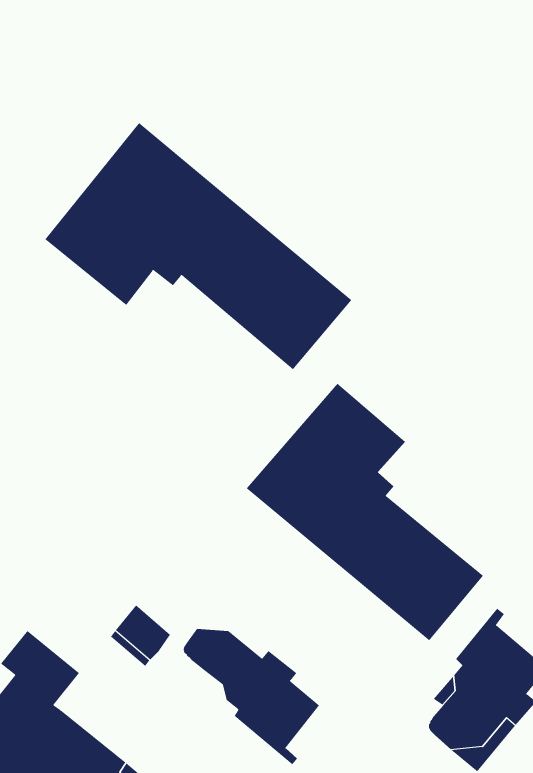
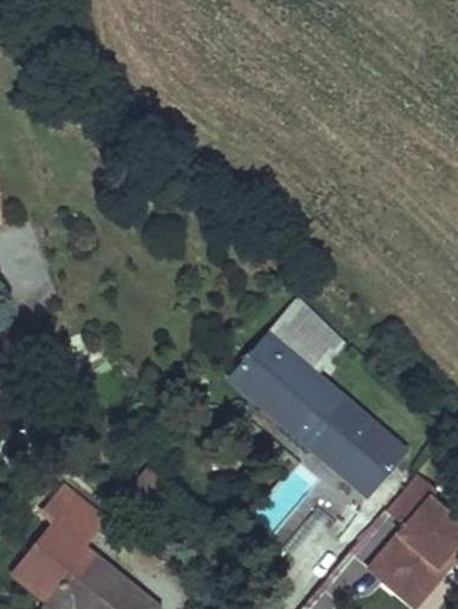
building: [44,122,352,370] -> none
building: [183,628,320,765] -> none

